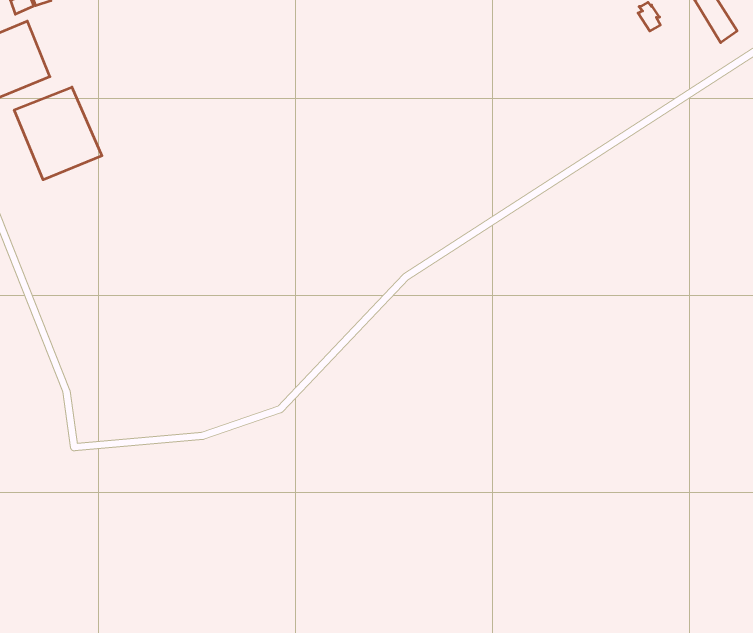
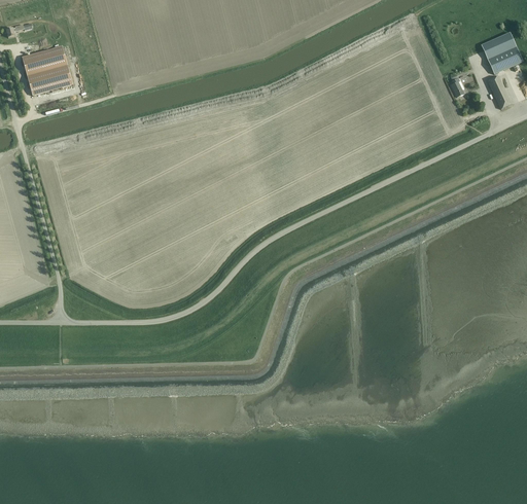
building: [14,87,102,180] -> none

